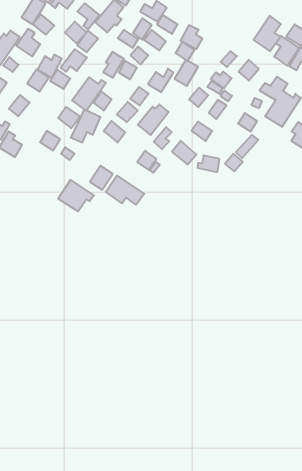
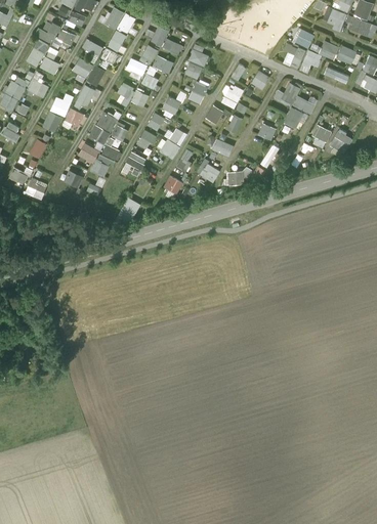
building: [254,16,281,51] -> none
building: [106,176,144,205] -> none
building: [58,180,94,211] -> none

